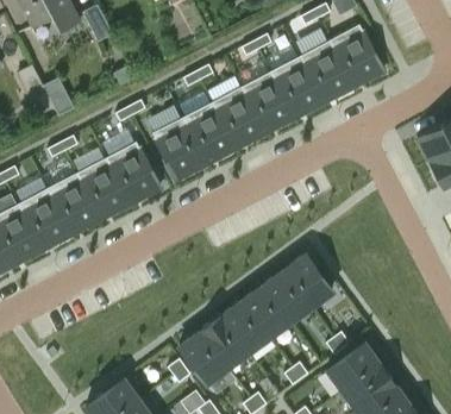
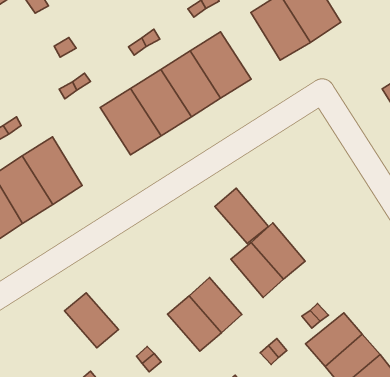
building: [270,56,324,118] -> none
building: [106,142,161,205] -> none
building: [242,284,290,337] -> [215,188,269,244]
building: [178,331,227,383] -> [65,293,118,348]

